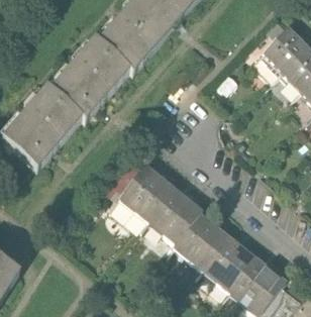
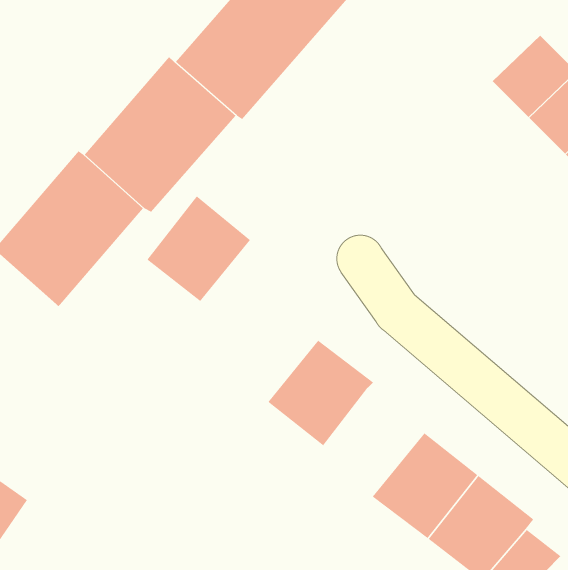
building: [116,163,171,218] -> [146,196,251,302]
building: [171,211,226,268] -> none

